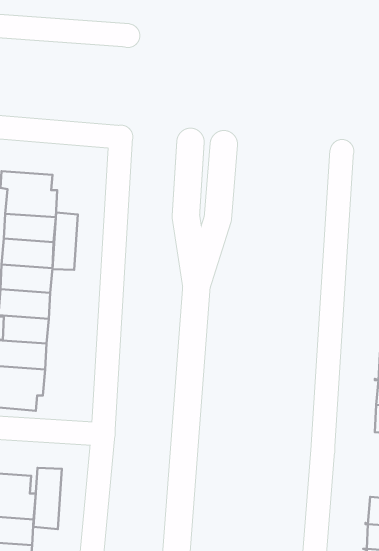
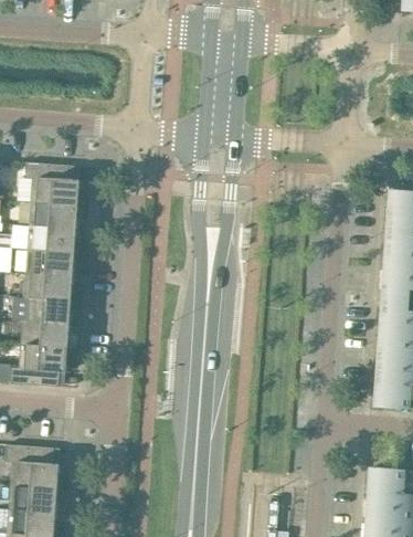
building: [52,212,78,270] -> none
building: [34,468,62,529] -> none

